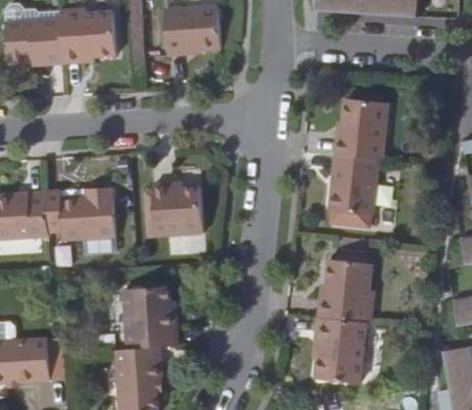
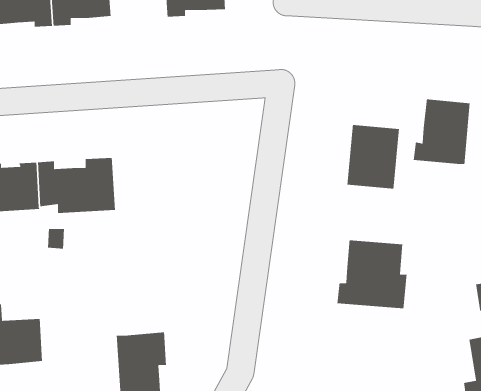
building: [333,97,386,158] -> [413,98,471,165]
building: [144,181,204,233] -> none
building: [122,283,177,348] -> none
building: [318,319,369,383] -> none

